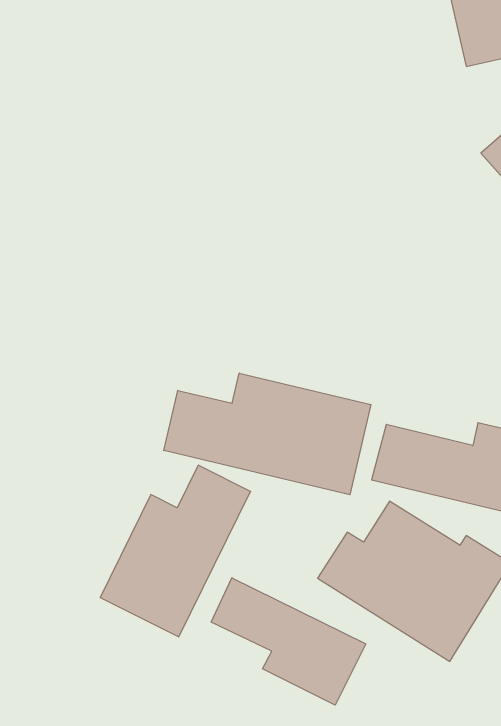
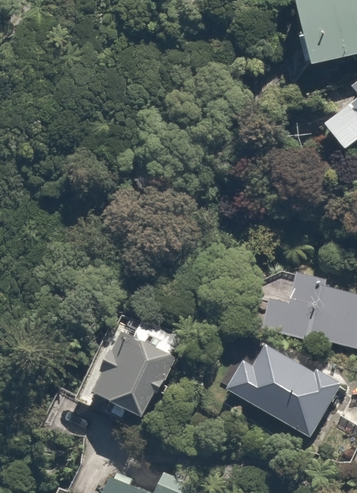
building: [164,373,371,495] -> none
building: [211,578,366,705] -> none

